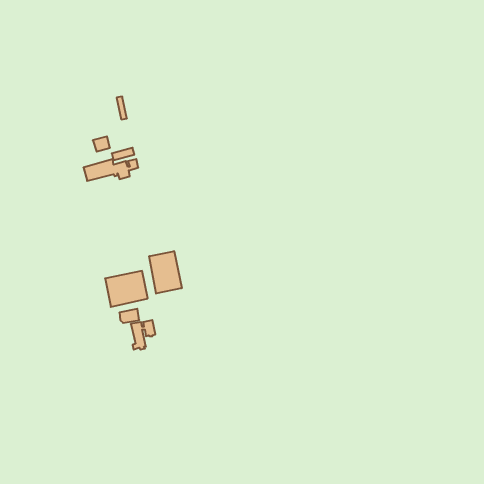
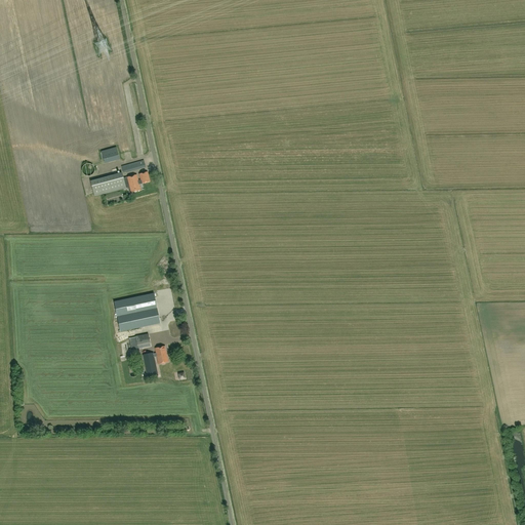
building: [149,251,182,294] -> none

